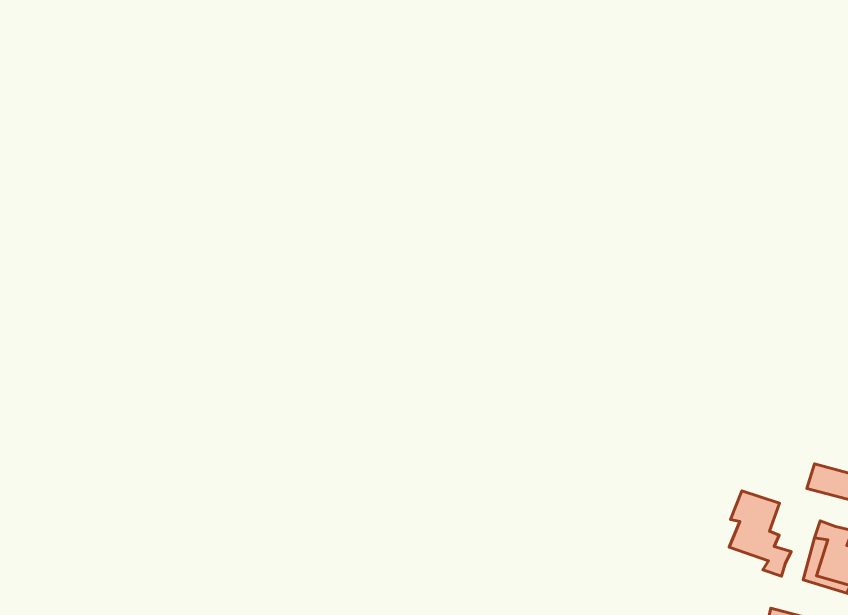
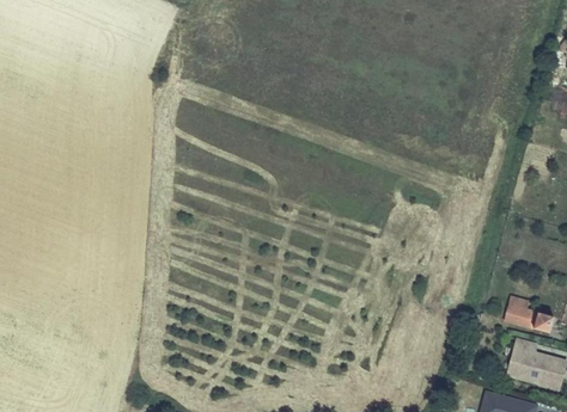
building: [729,491,791,576] -> none

